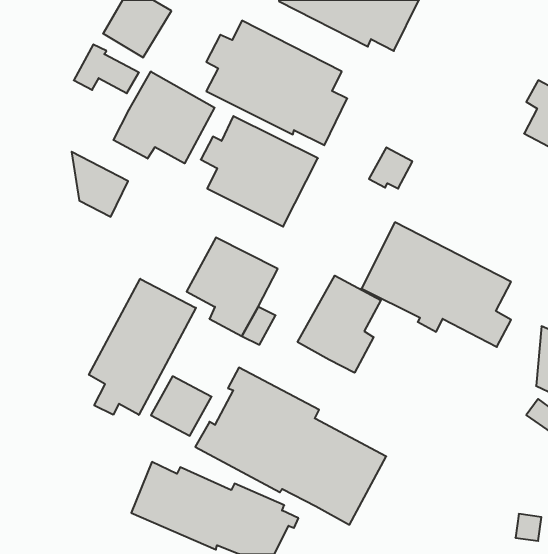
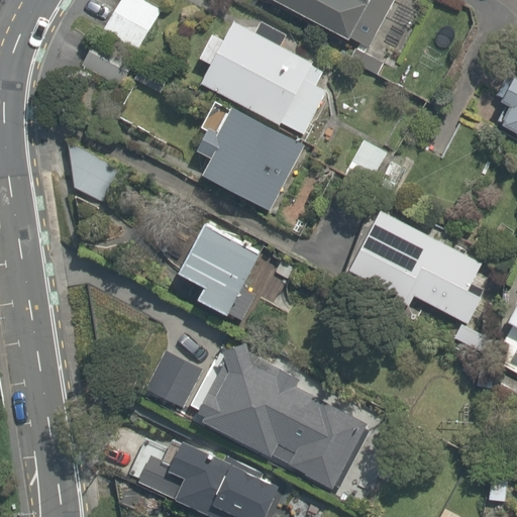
building: [113,71,215,163] -> none
building: [298,276,381,373] -> none
building: [89,279,196,415] -> none

